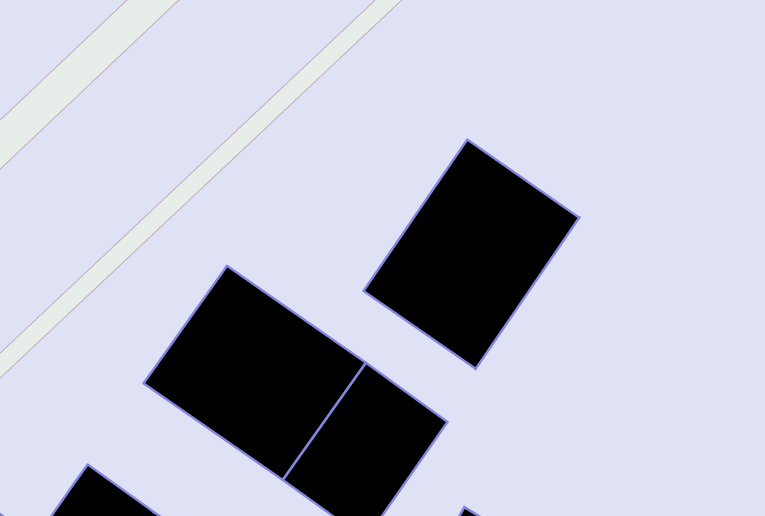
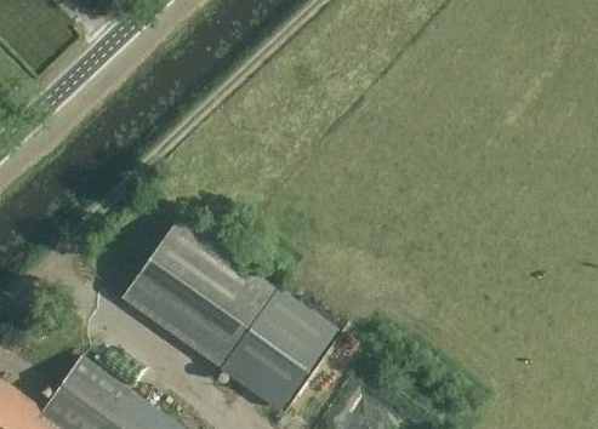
building: [364,140,579,369] -> none

